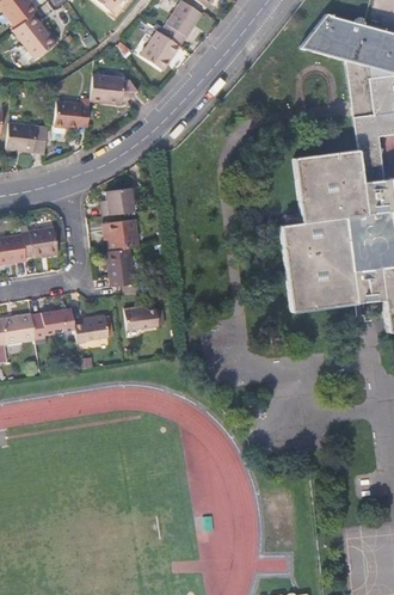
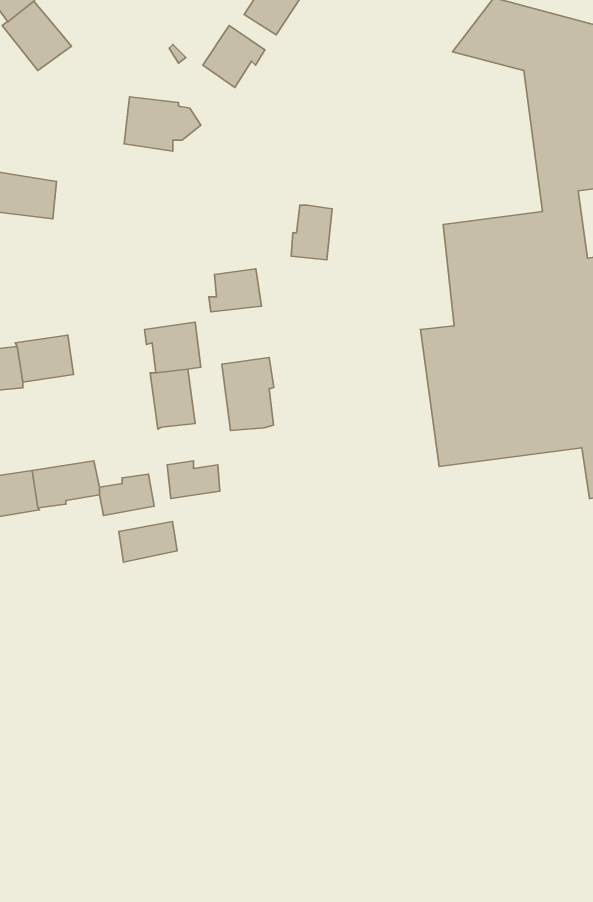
building: [55,102,90,130] -> none
building: none -> [291,205,332,260]
building: [101,189,135,216] -> [209,269,261,312]
building: none -> [222,358,274,430]
building: none -> [119,521,177,562]

